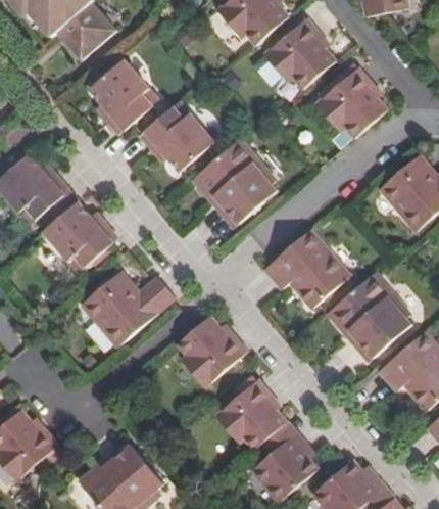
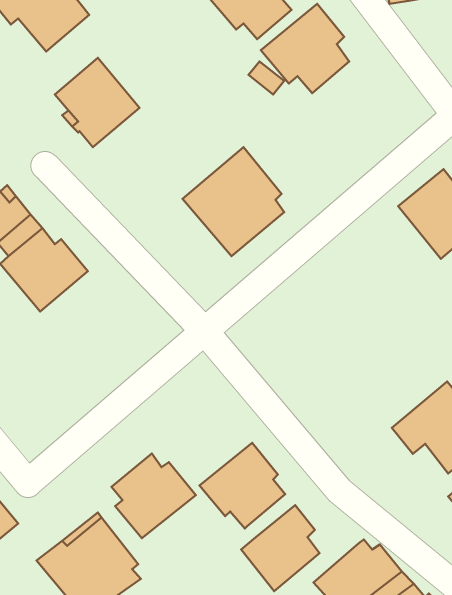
building: [315,65,386,137] -> none
building: [142,99,216,168] -> none
building: [261,226,346,300] -> none
building: [323,267,409,358] -> none
building: [81,271,177,346] -> none
building: [177,316,247,386] -> [111,454,196,538]

